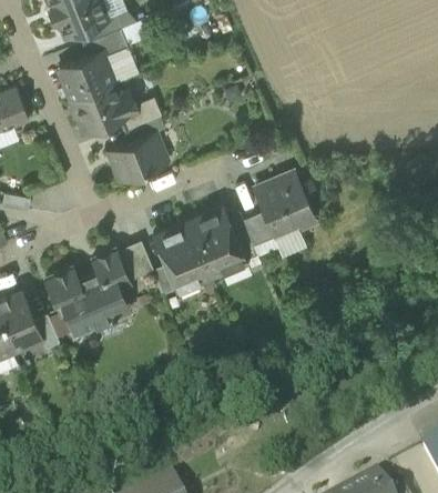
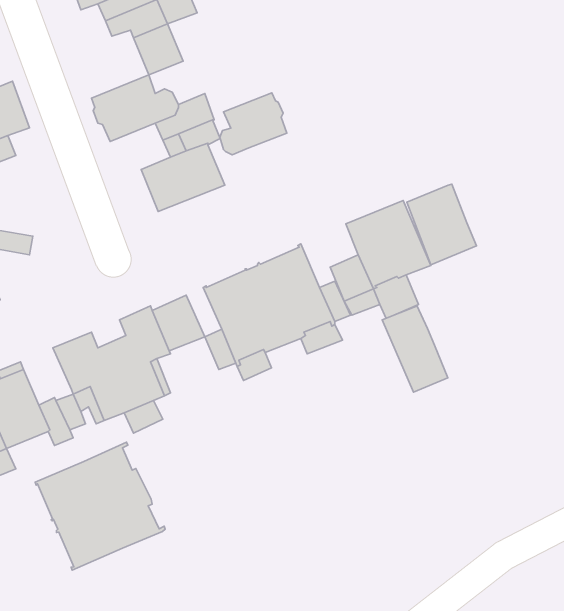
building: [58,48,113,97] -> none
building: none -> [220,93,287,155]
building: none -> [407,184,477,265]
building: none -> [382,305,448,392]
building: none -> [35,442,165,570]

